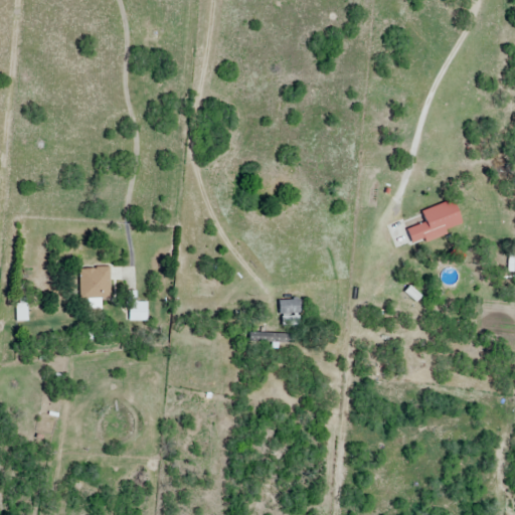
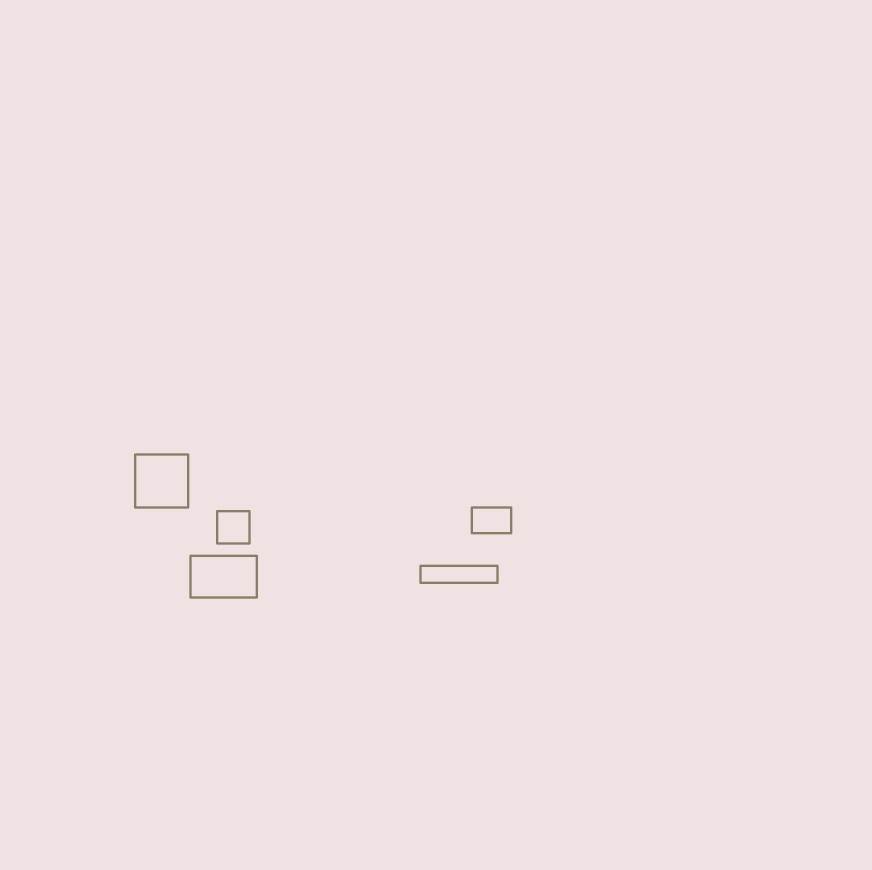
building: [408,199,463,243] -> none
building: none -> [191,556,257,598]

